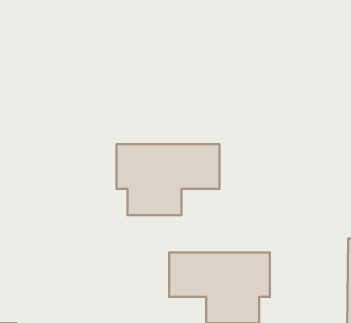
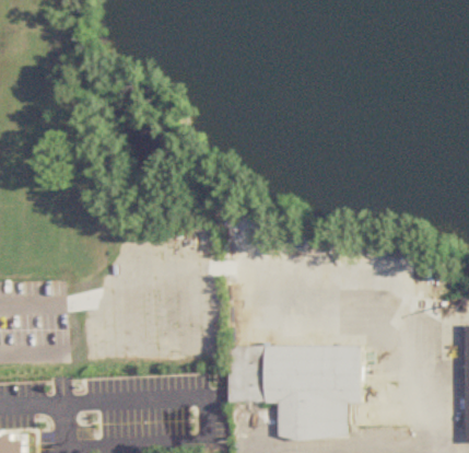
building: [117,144,219,215] -> none

